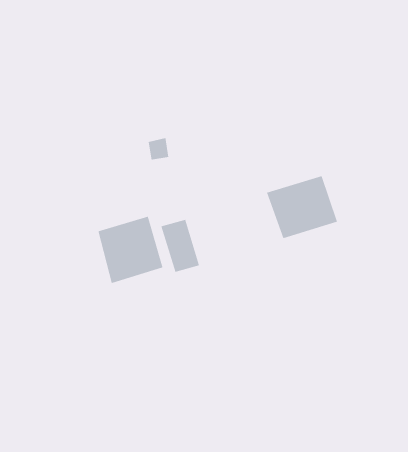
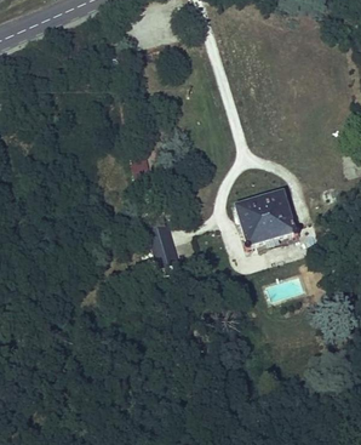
building: [98,216,163,284] -> none

